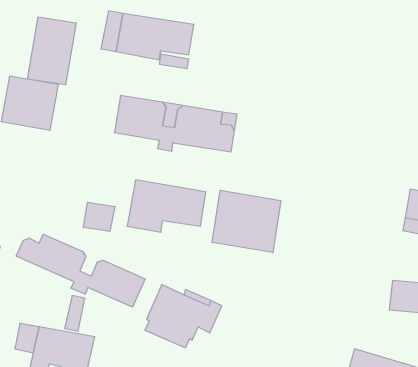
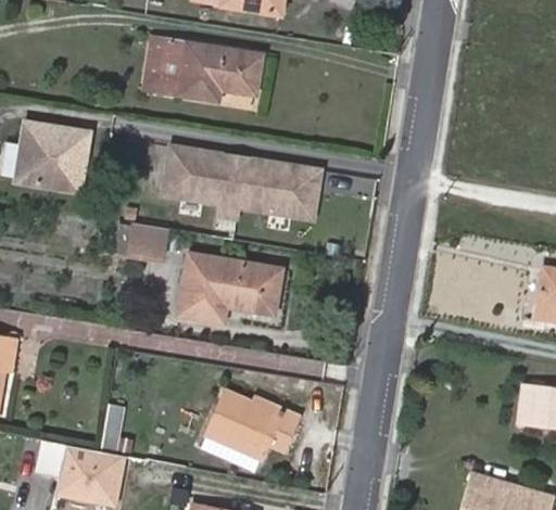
building: [27,17,76,85] -> none
building: [212,190,281,253] -> none
building: [83,203,115,231] -> [128,222,169,259]
building: [16,234,145,307] -> none

